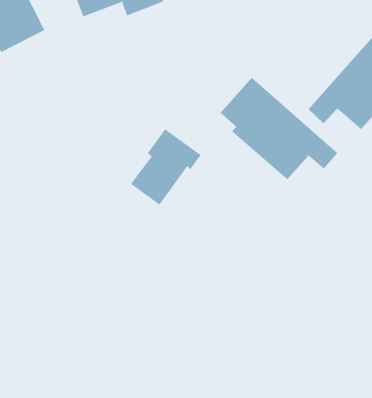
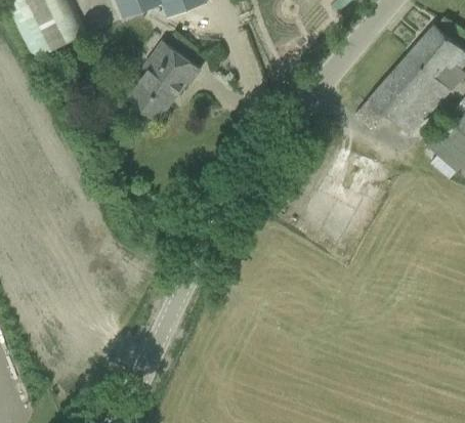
building: [220,77,338,180] -> none
building: [130,129,201,206] -> [127,41,201,121]

